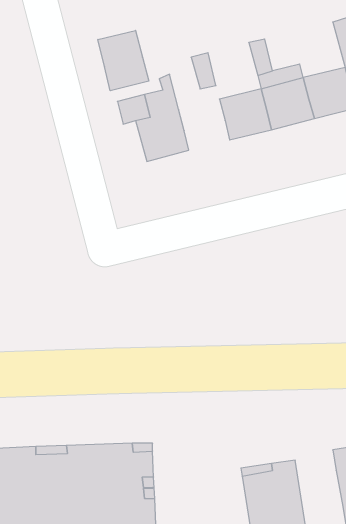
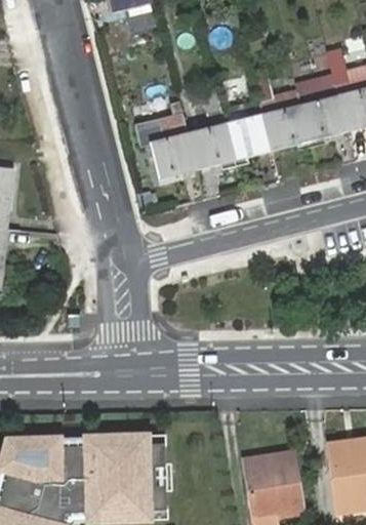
building: [98,30,149,91] -> none
building: none -> [188,123,234,169]

